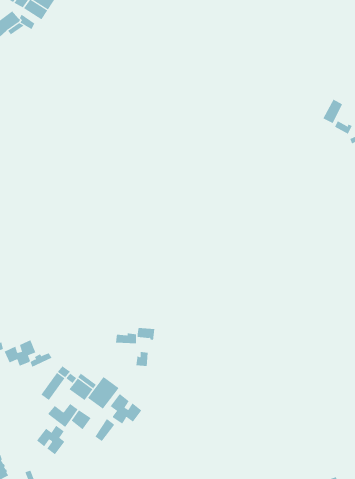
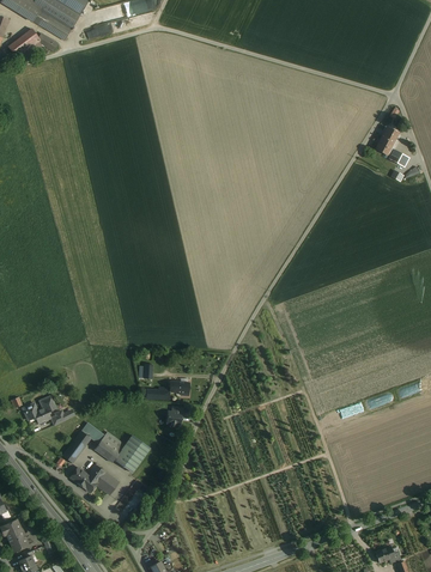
building: [110,393,142,424] -> none
building: [36,425,65,455] -> none

